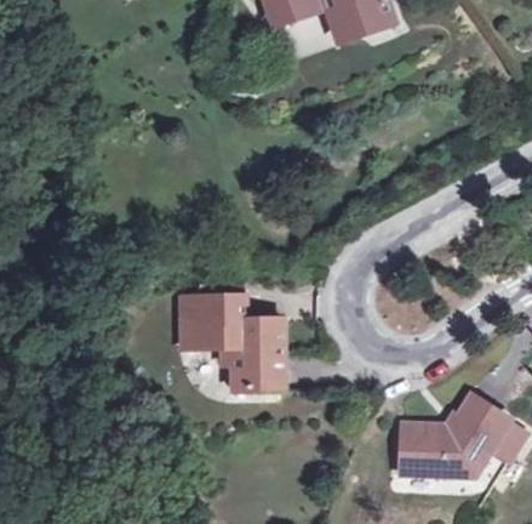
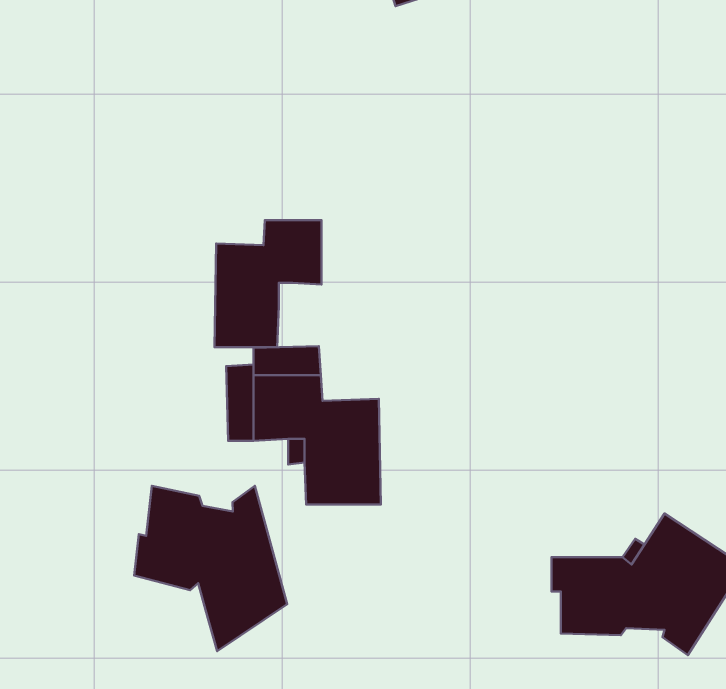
building: none -> [215,220,321,347]
building: none -> [134,486,287,651]

